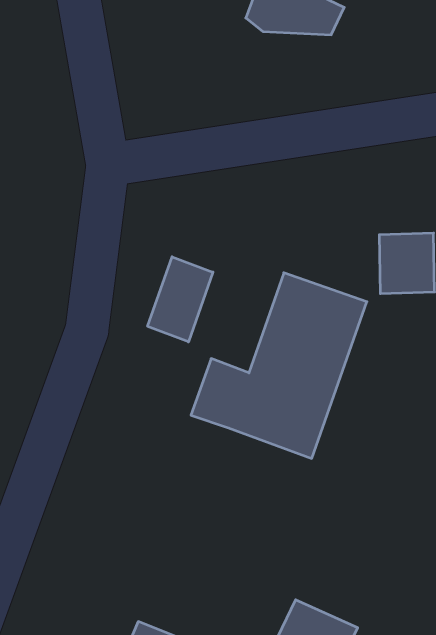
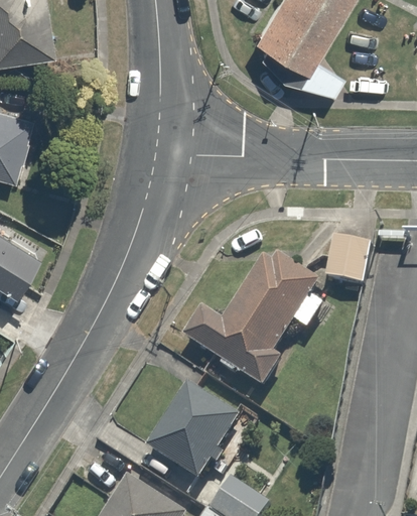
building: [148,257,213,342] -> none
building: none -> [147,382,241,480]

